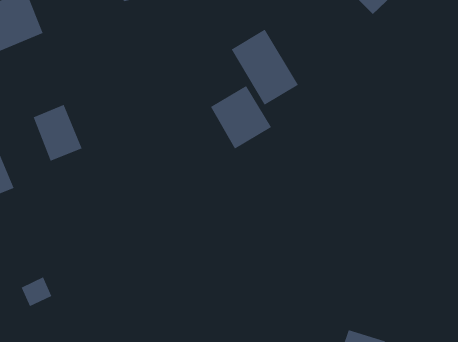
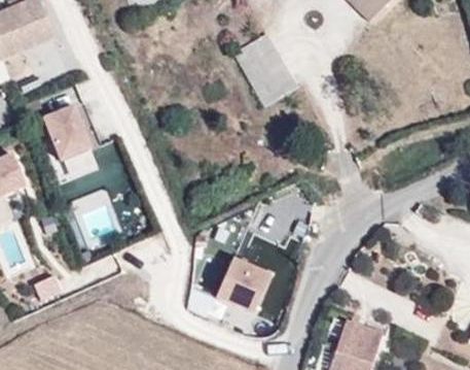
building: [210,85,272,150] -> none
building: none -> [218,258,272,311]

